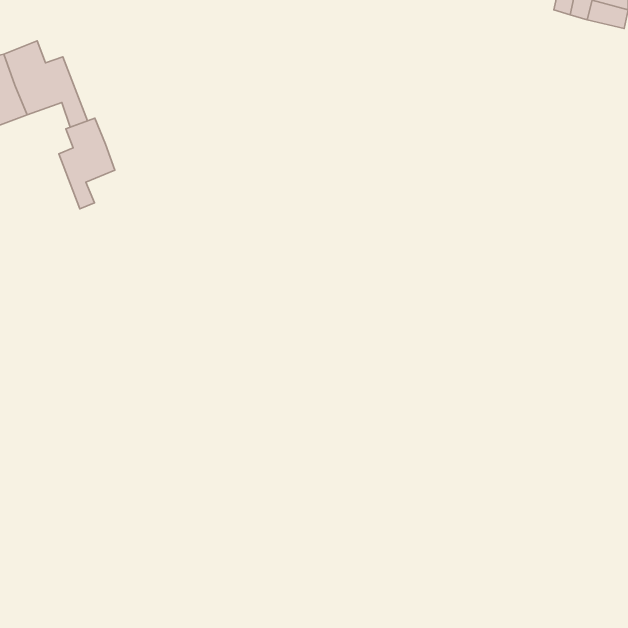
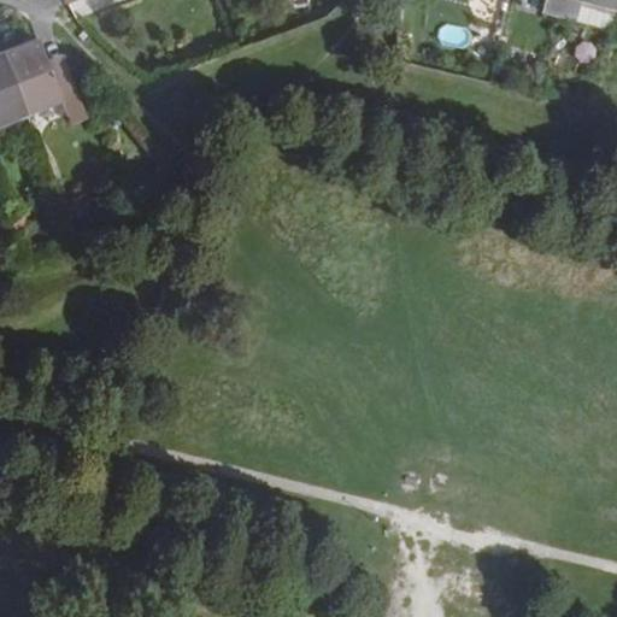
building: [59,118,115,209] -> none

